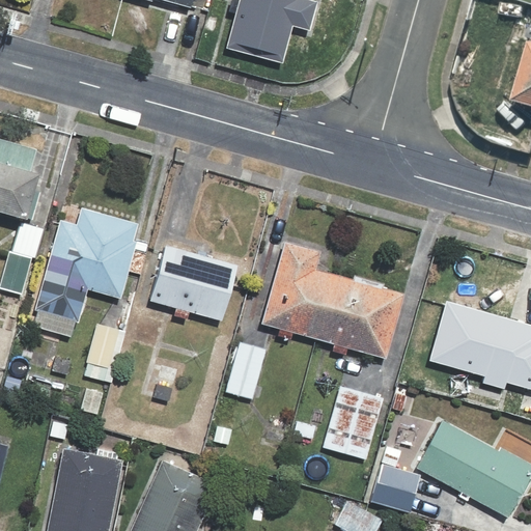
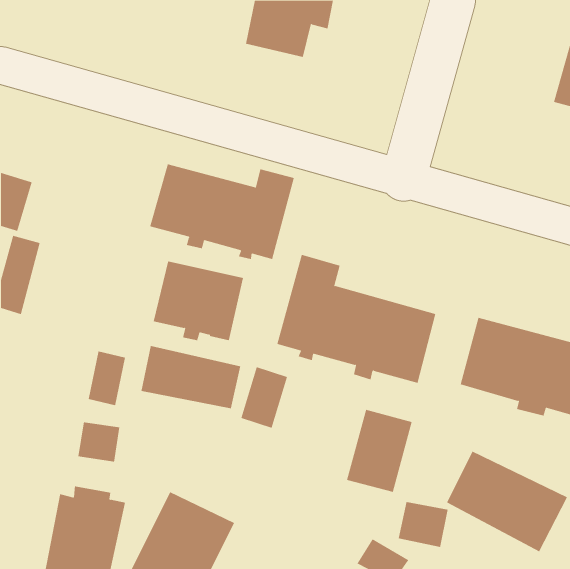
building: none -> [149,163,295,260]
building: [32,209,141,338] -> none
building: none -> [141,345,241,409]

